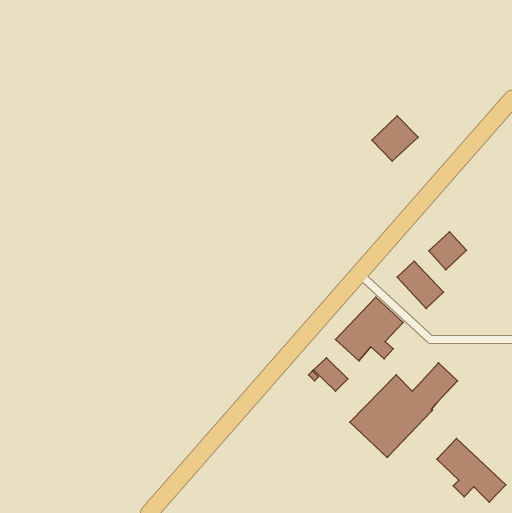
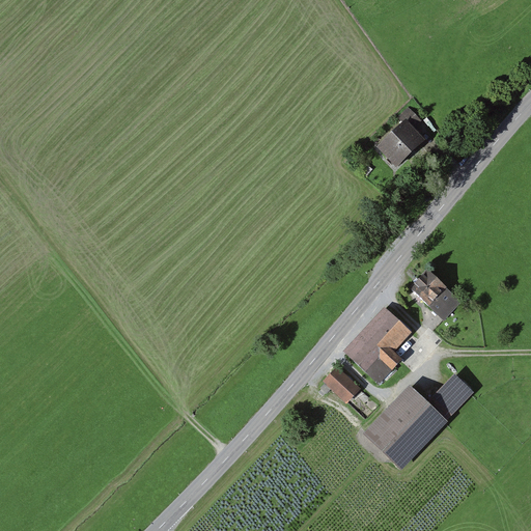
building: [429,232,466,270] -> none
building: [437,438,506,502] -> none

